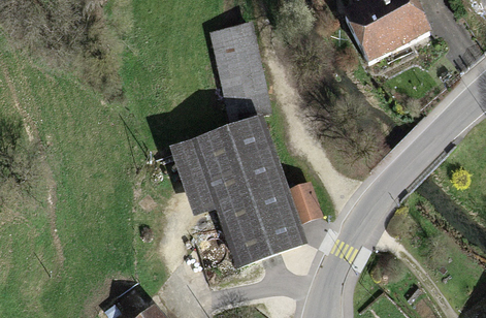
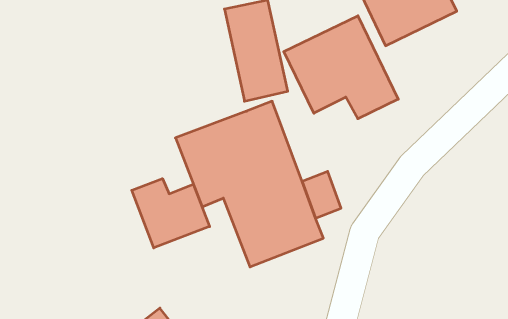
building: none -> [284,16,398,119]
building: none -> [132,179,210,248]

